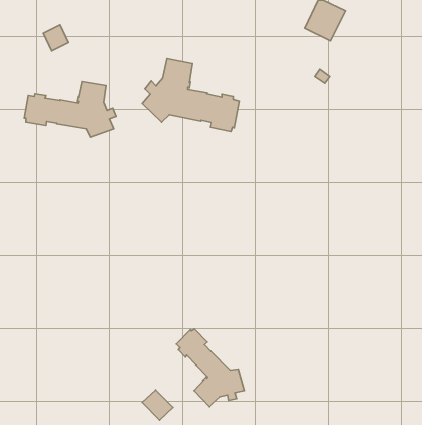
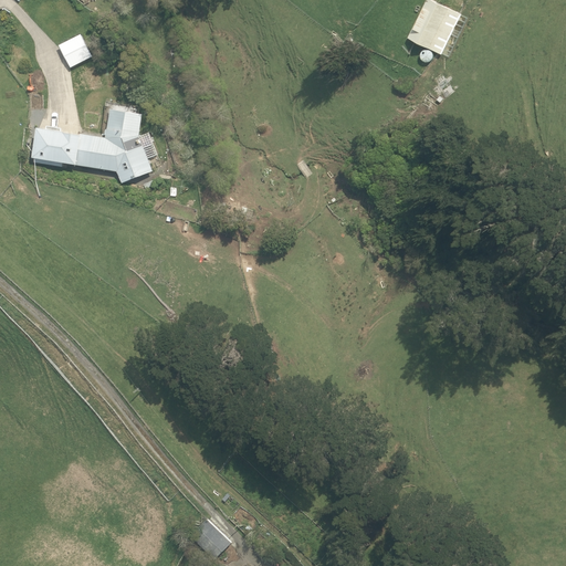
building: [142,59,239,132] -> none
building: [176,329,245,407] -> none

